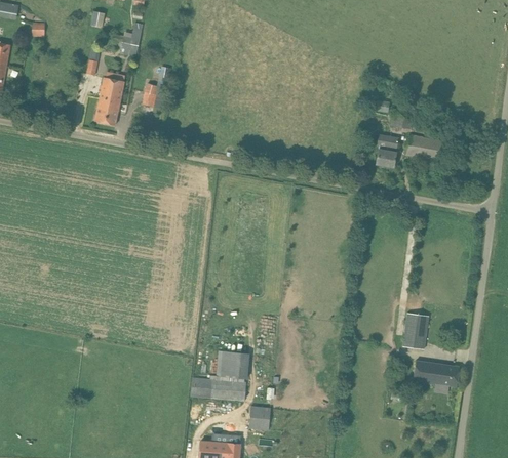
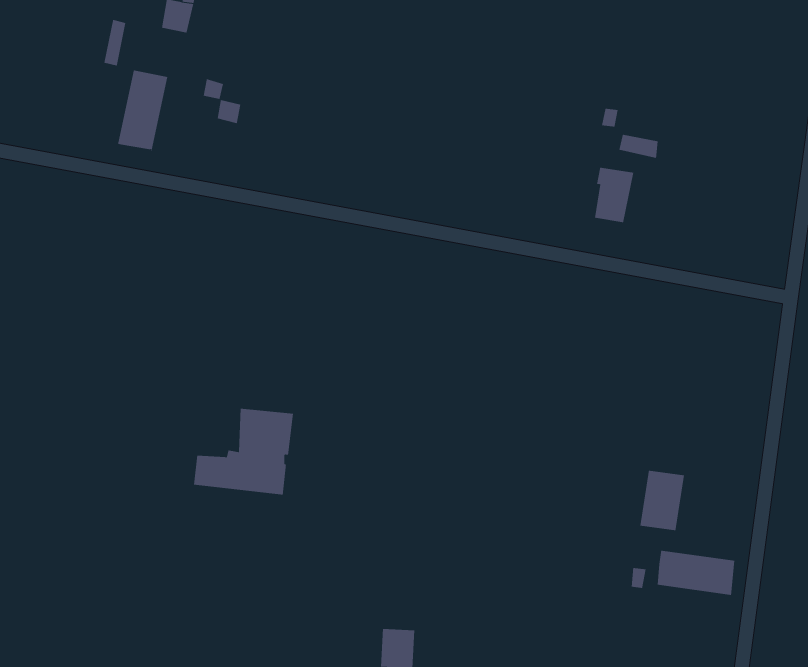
building: [406,135,441,161] -> none
building: [190,350,249,402] -> [193,408,294,495]

